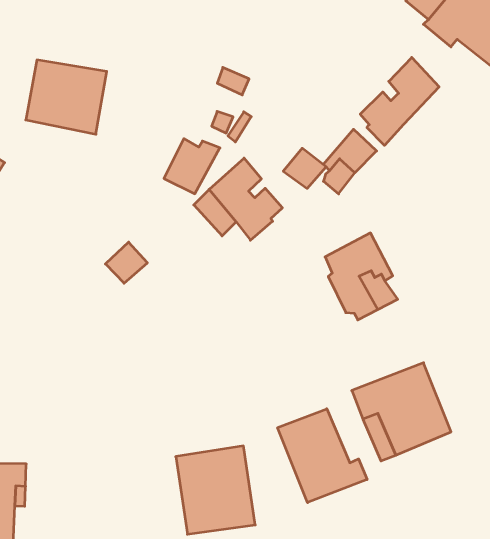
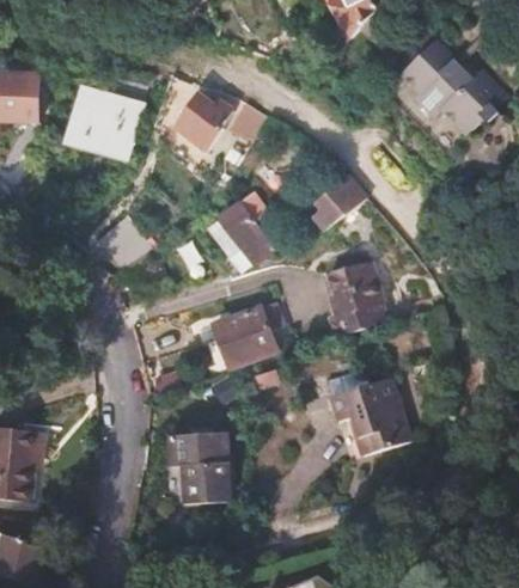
building: [360,57,439,145] -> none
building: [164,139,220,194] -> [182,99,232,147]
building: none -> [215,307,276,367]
building: [278,409,367,503] -> none

